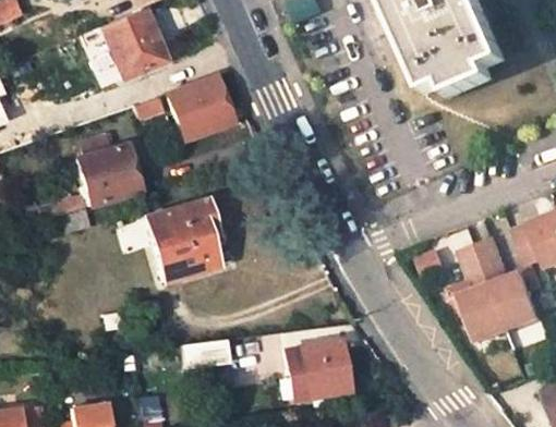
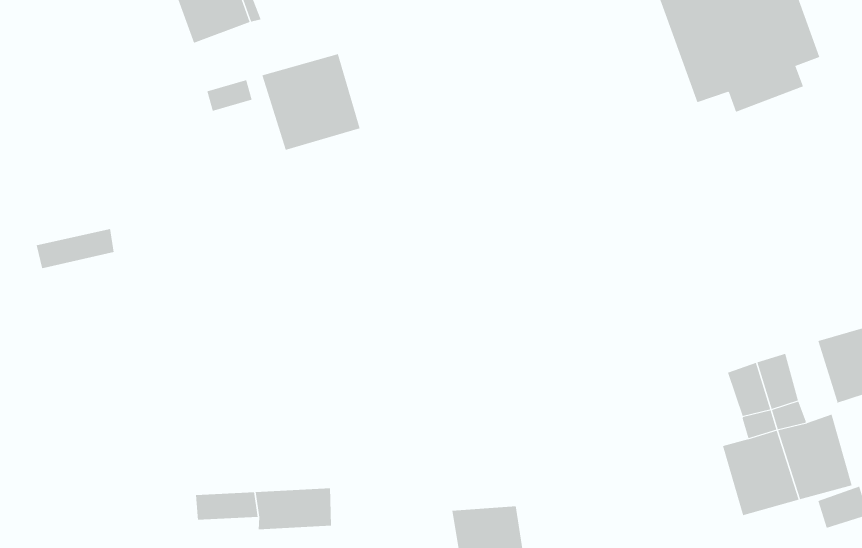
building: [76,131,136,206] -> none
building: [144,199,214,278] -> none

